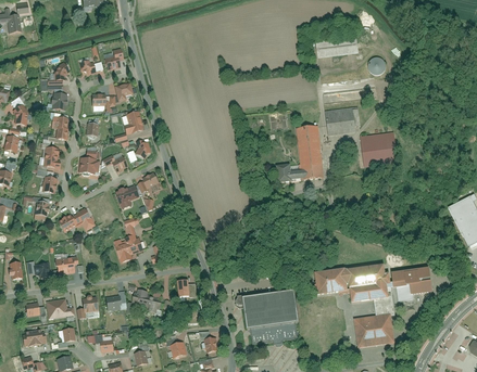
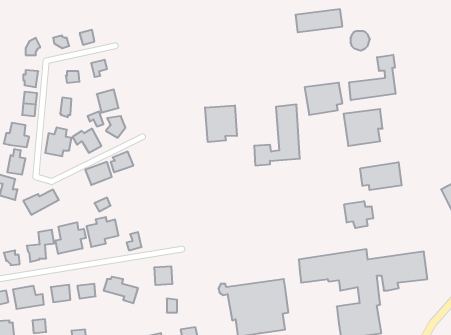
building: none -> [349,55,395,100]
building: none -> [205,105,237,142]
building: none -> [360,162,402,190]
building: none -> [344,201,373,228]
building: none -> [55,222,86,254]

